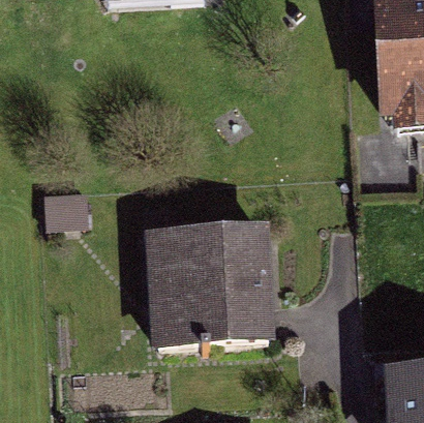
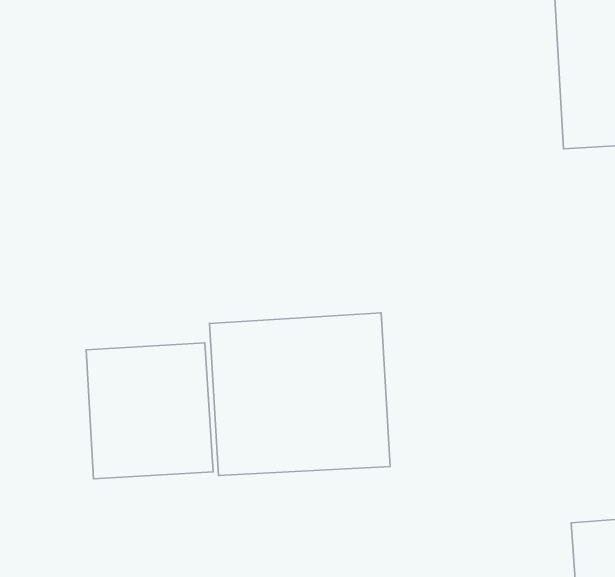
building: none -> [86,343,213,479]

